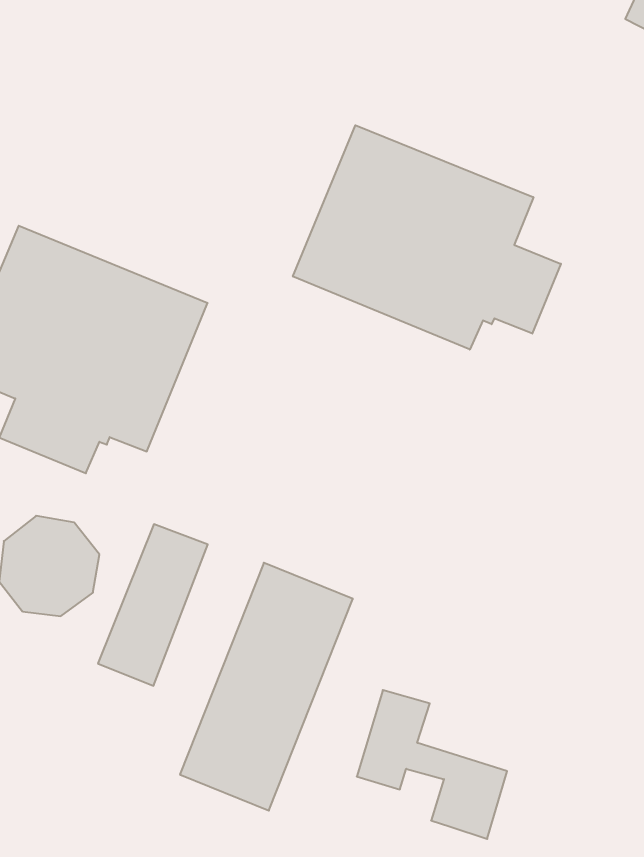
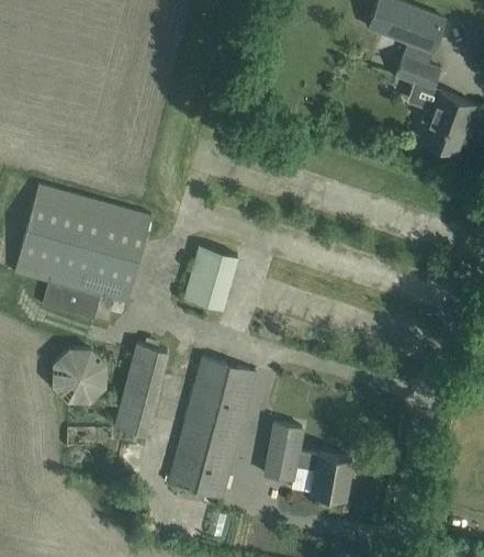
building: [293,125,561,350] -> none
building: none -> [184,246,238,309]

